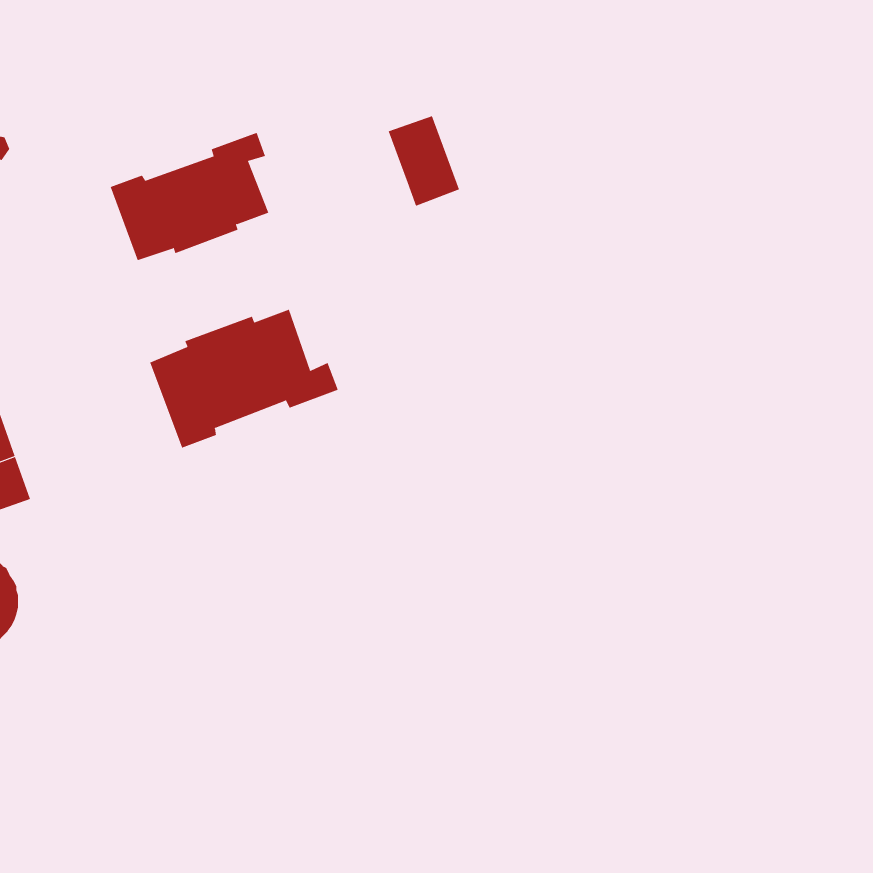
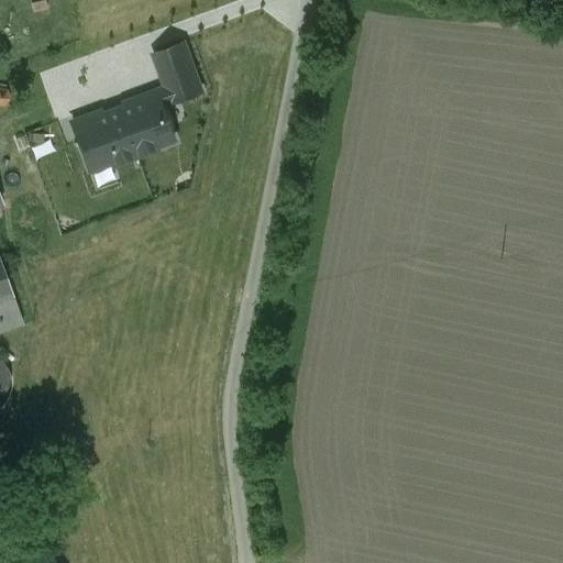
building: [388,116,460,207] -> [153,42,199,100]
building: [150,309,339,449] -> none

